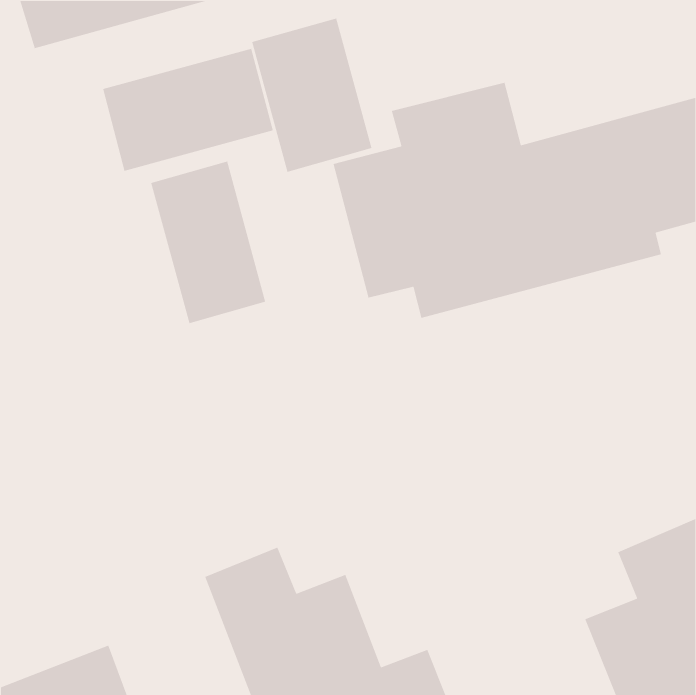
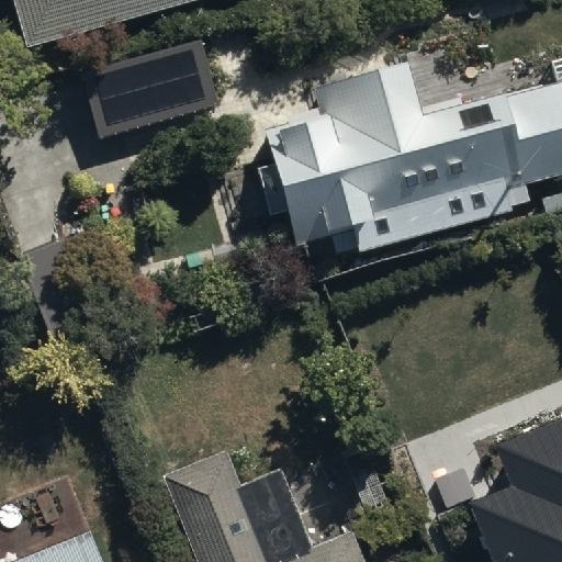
building: [251,17,373,173] -> none
building: [150,161,266,324] -> none

